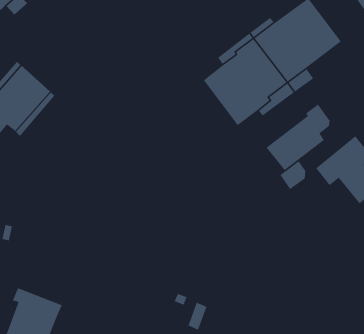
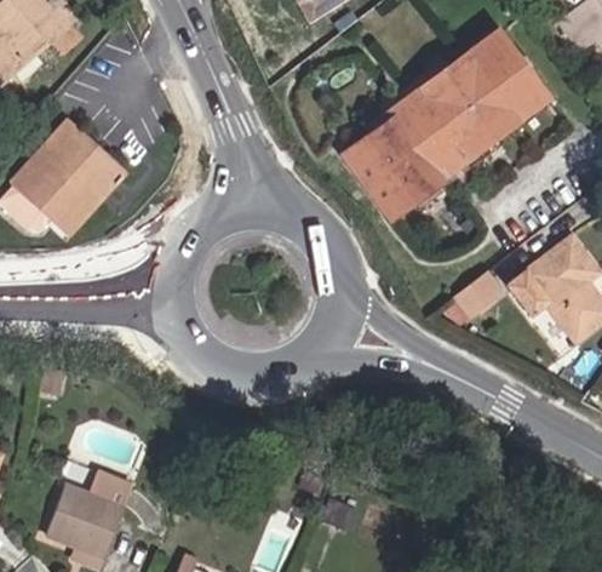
building: [265,103,331,171] -> none

